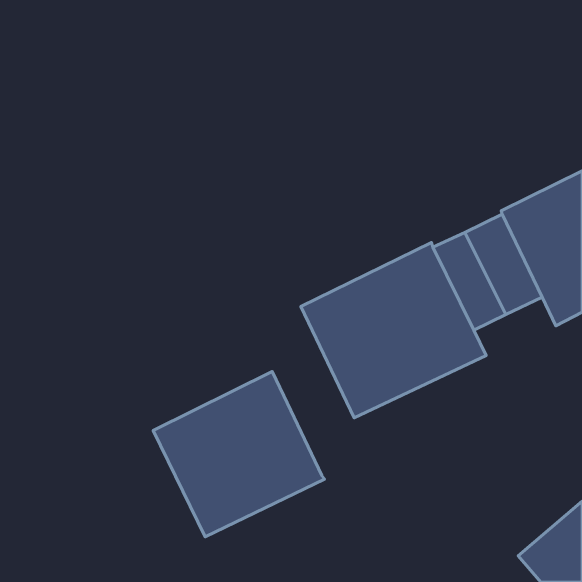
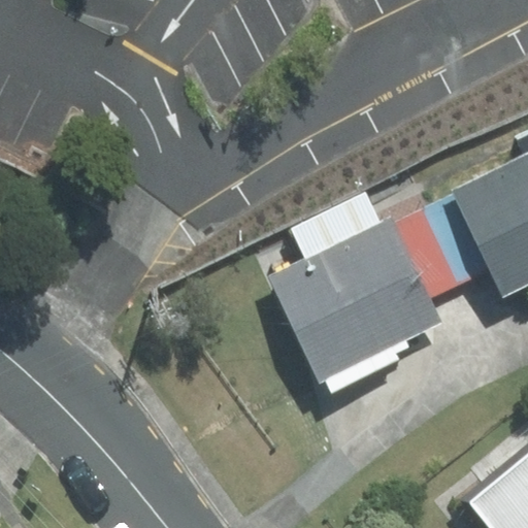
building: [153,372,324,537] -> none

